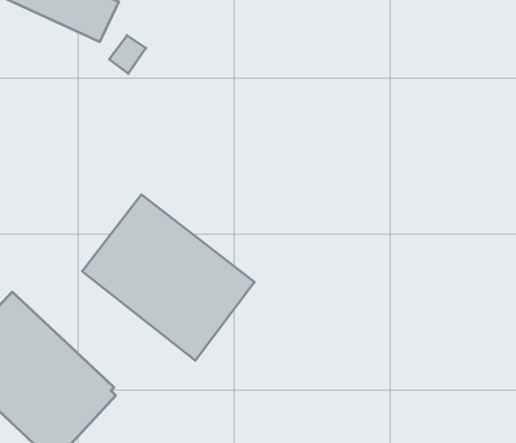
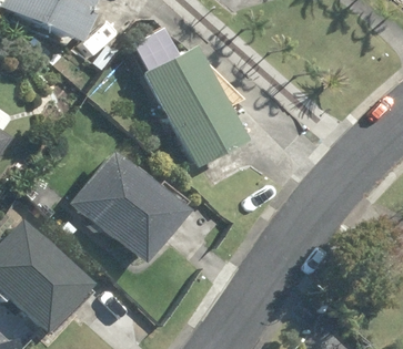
building: none -> [145,45,249,171]

